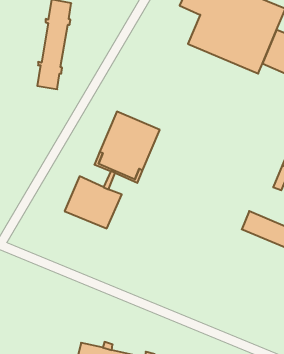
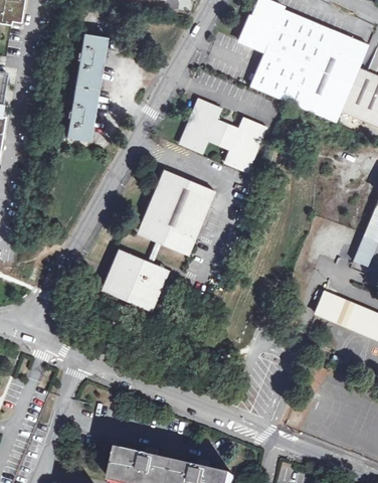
building: none -> [181,100,265,171]

